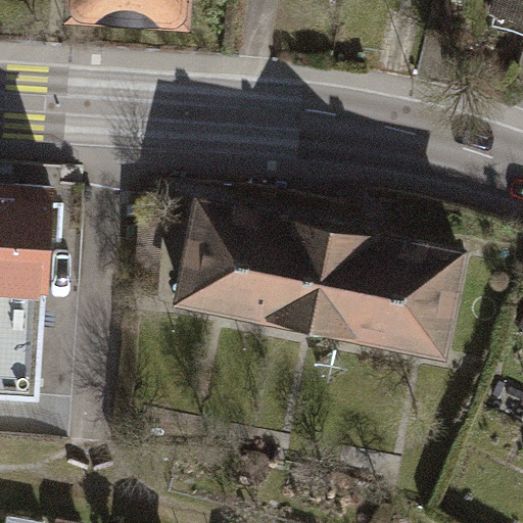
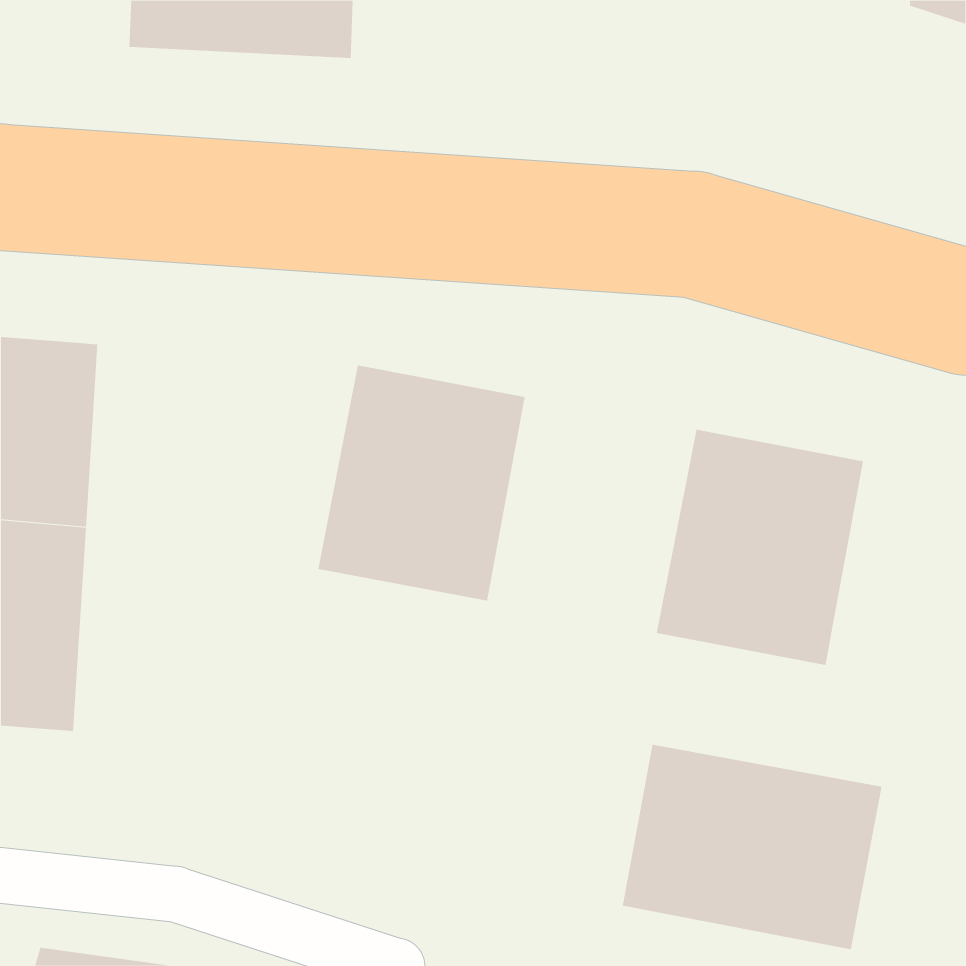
building: [264,215,376,342] -> none
building: none -> [622,744,882,950]

